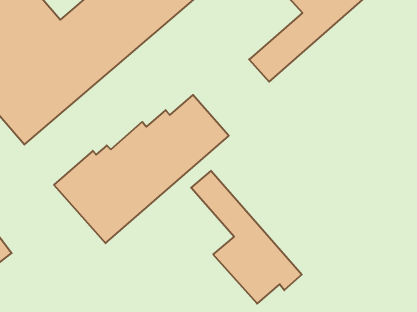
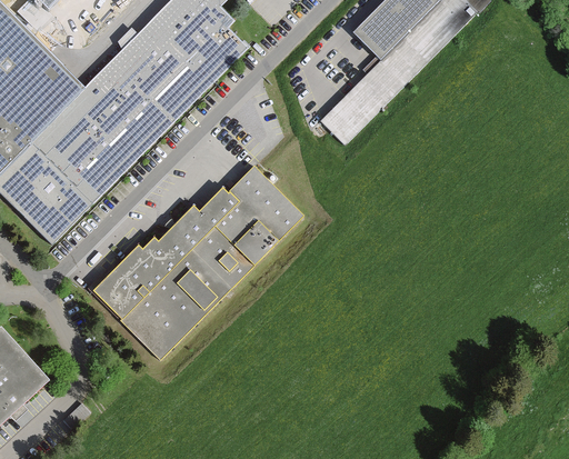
building: [191,171,302,304] -> none

